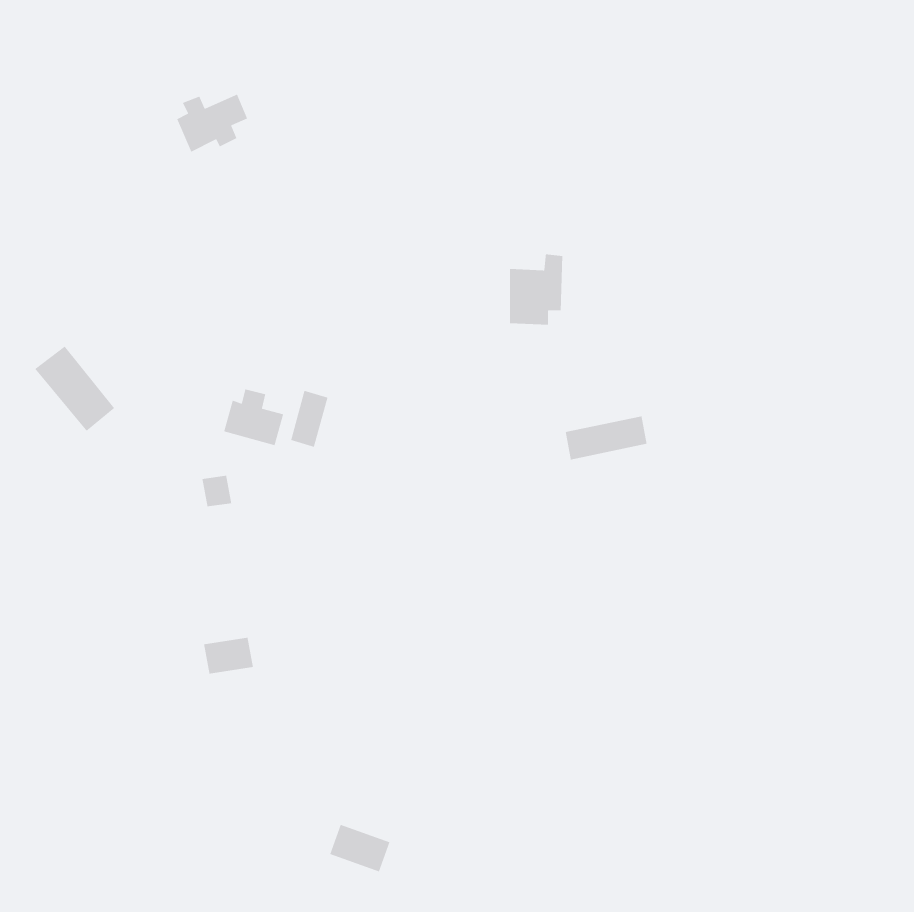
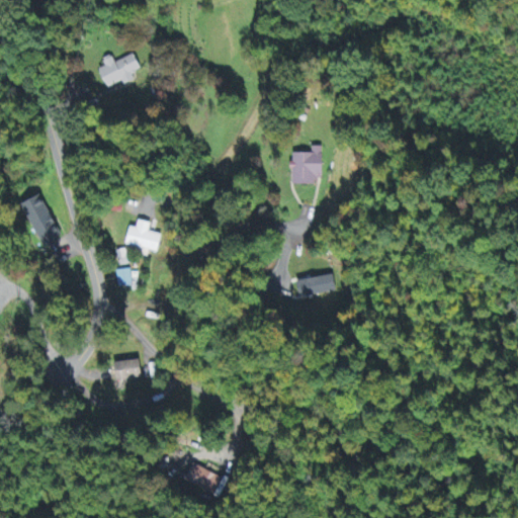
building: [290,390,328,448] -> none
building: [565,415,648,460] -> [289,272,336,297]

